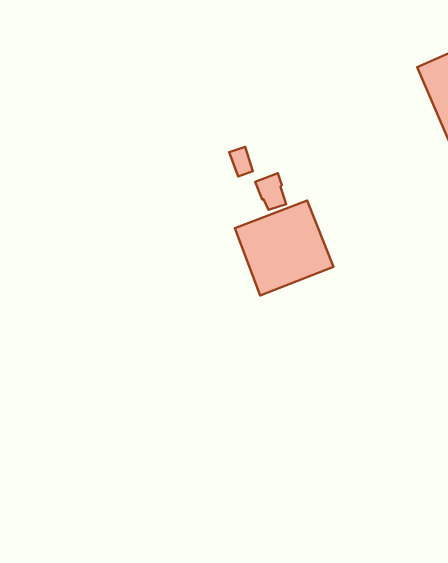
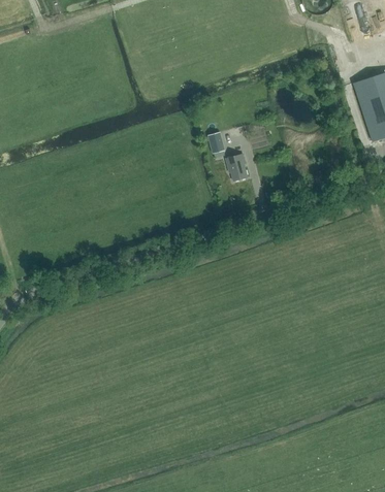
building: [235,201,333,295] -> none

